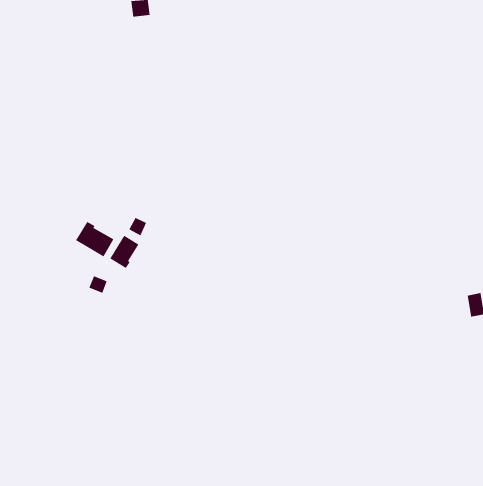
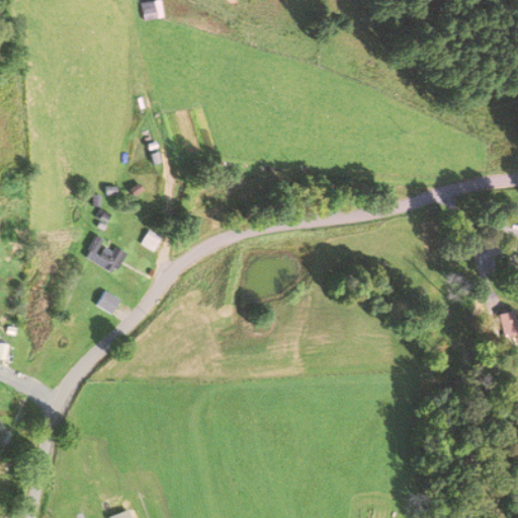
building: [110,235,139,269] -> none

